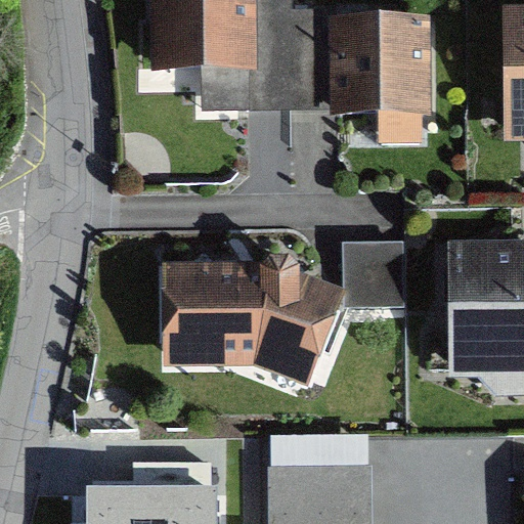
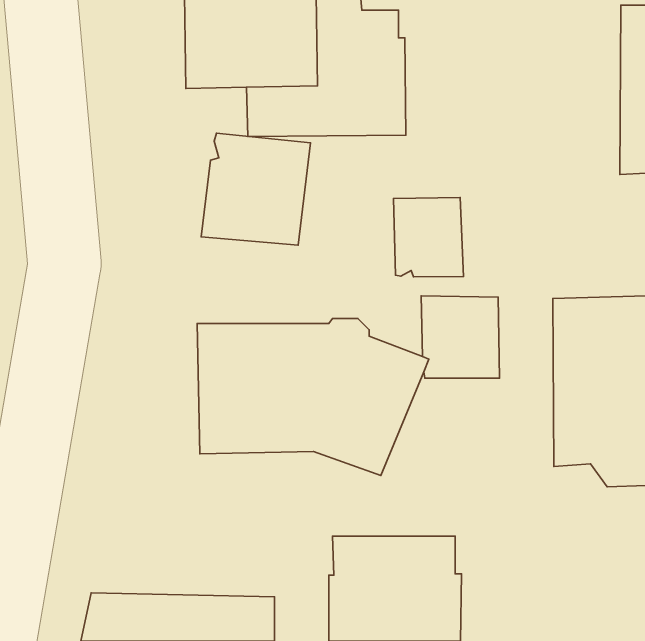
building: [329,15,432,141] -> none
building: none -> [201,133,310,245]
building: none -> [393,198,463,277]

